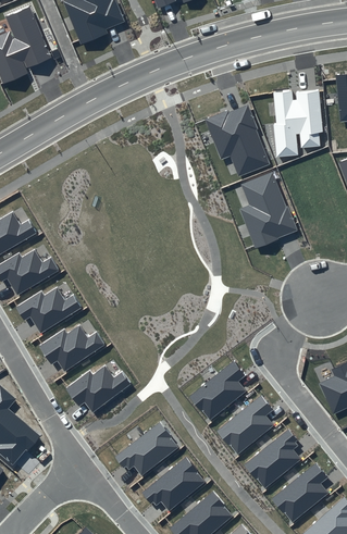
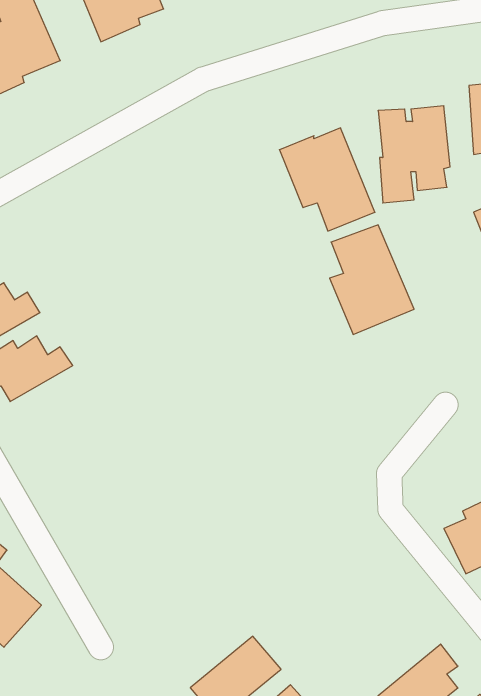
building: [15,286,83,333] -> none
building: [38,325,104,372] -> none
building: [189,361,245,421] -> none
building: [64,365,132,413] -> none
building: [216,396,272,455] -> none
building: [114,423,177,475] -> none
building: [245,430,300,488] -> none

